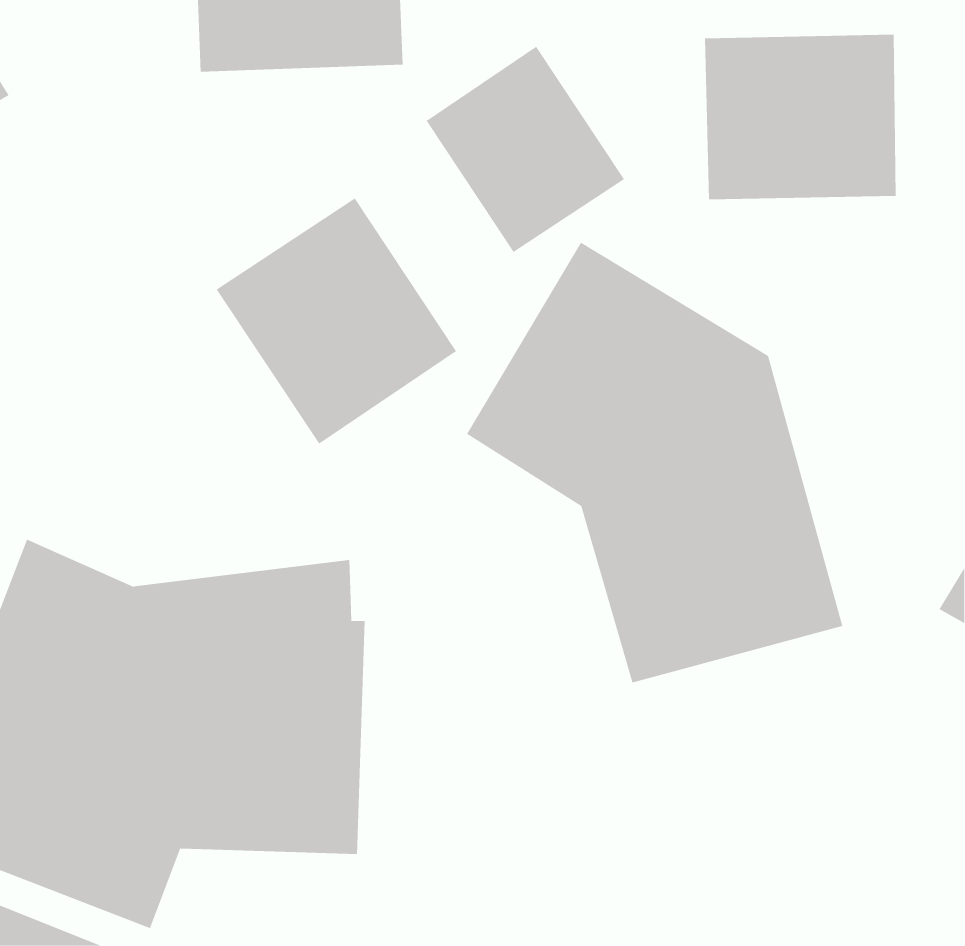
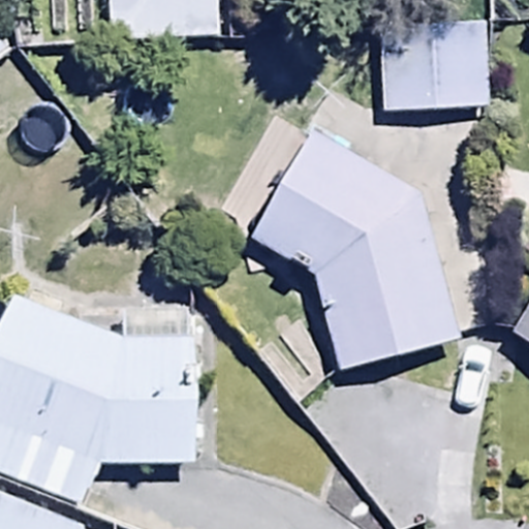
building: [426,46,625,253] -> none
building: [216,198,457,445] -> none

